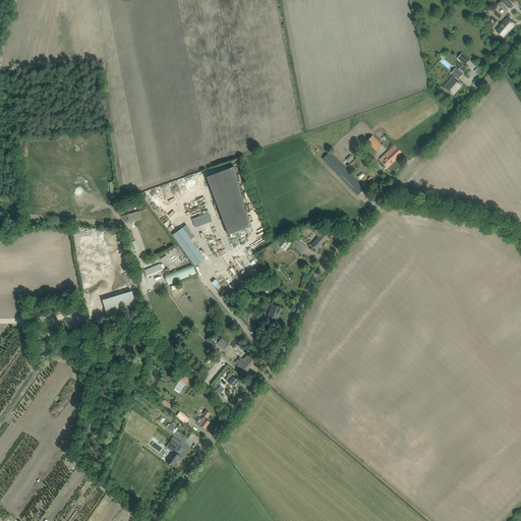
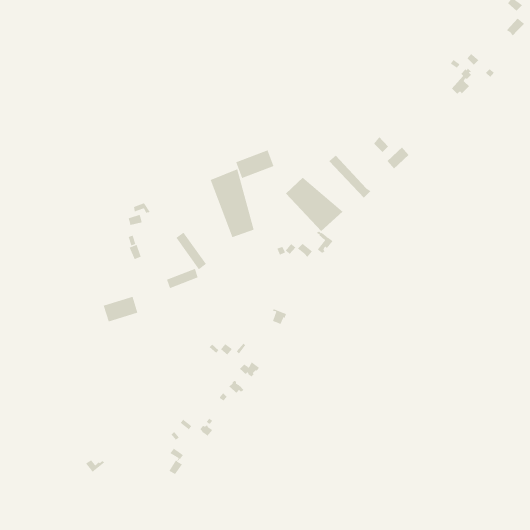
building: none -> [235,150,274,179]
building: none -> [285,177,344,232]

